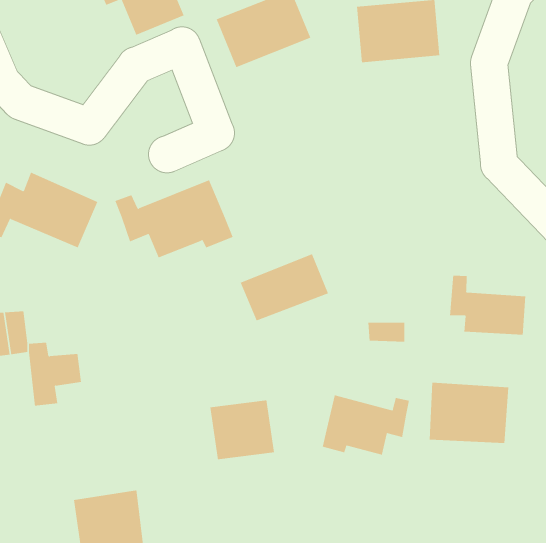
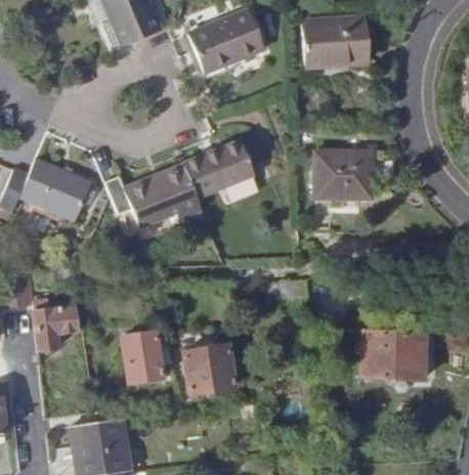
building: none -> [314,150,372,199]
building: [240,254,329,321] -> [182,141,255,197]
building: [449,275,526,335] -> none
building: none -> [120,331,163,384]
building: [322,394,410,456] -> none

